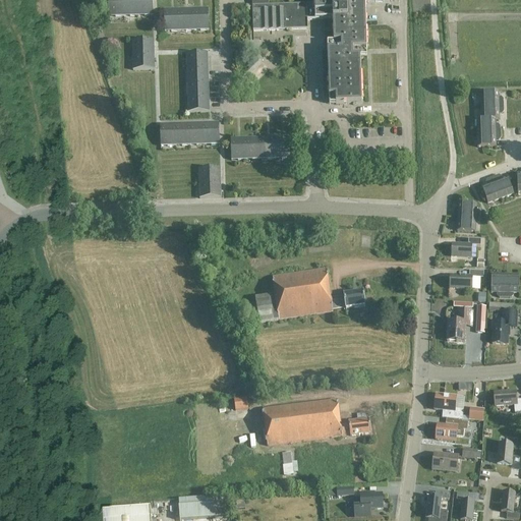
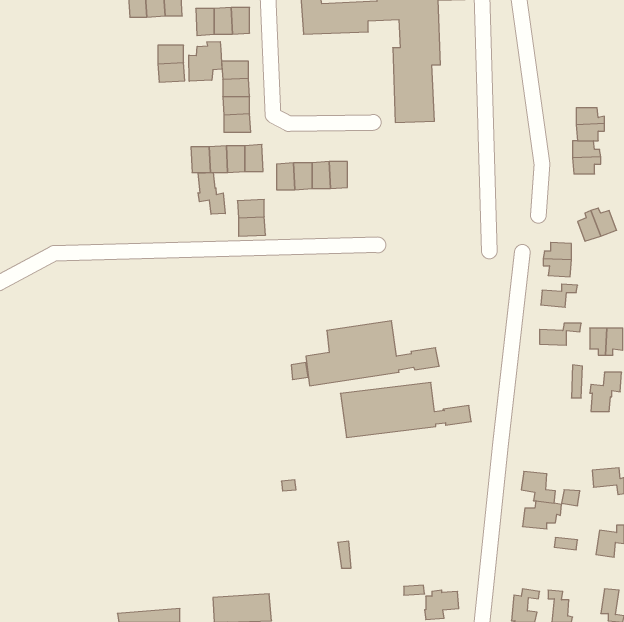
building: none -> [189,42,222,81]
building: none -> [198,173,225,214]
building: [446,307,471,340] -> none
building: [262,398,370,444] -> [340,382,471,437]
building: [431,451,458,470] -> none

